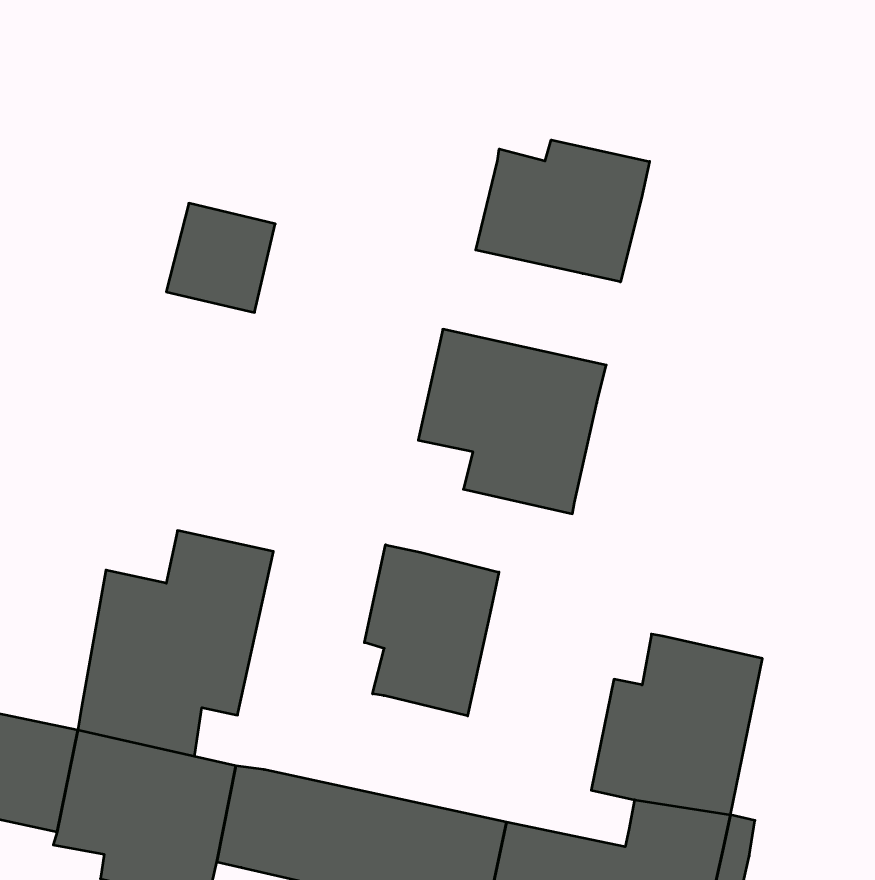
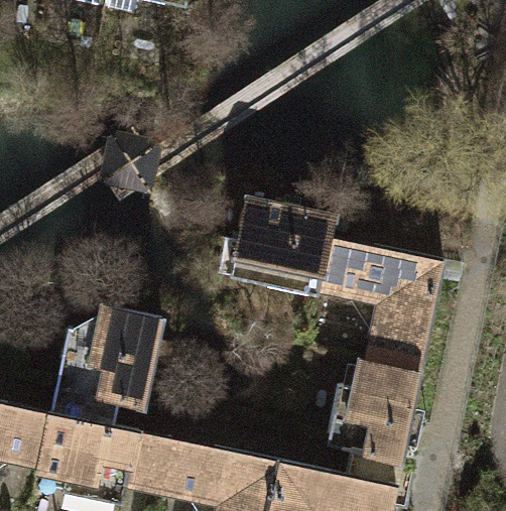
building: [476,140,650,282] -> none
building: none -> [318,238,442,375]
building: [364,545,499,716] -> none

